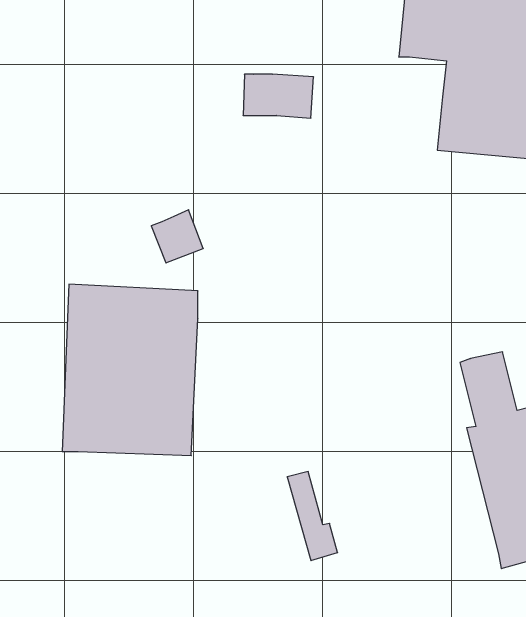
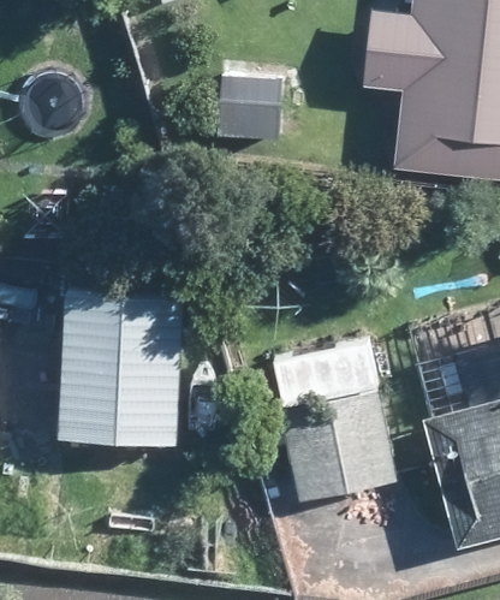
building: none -> [273,340,399,499]

